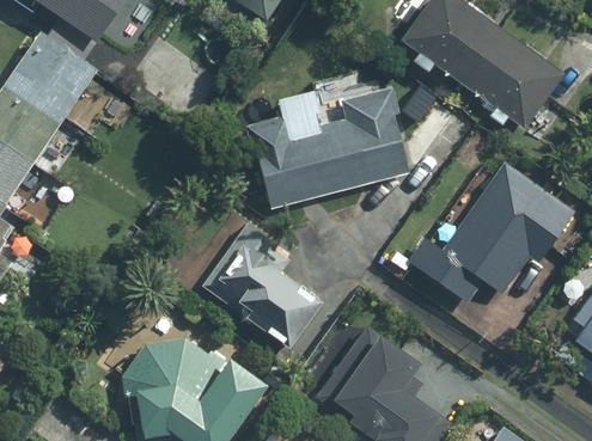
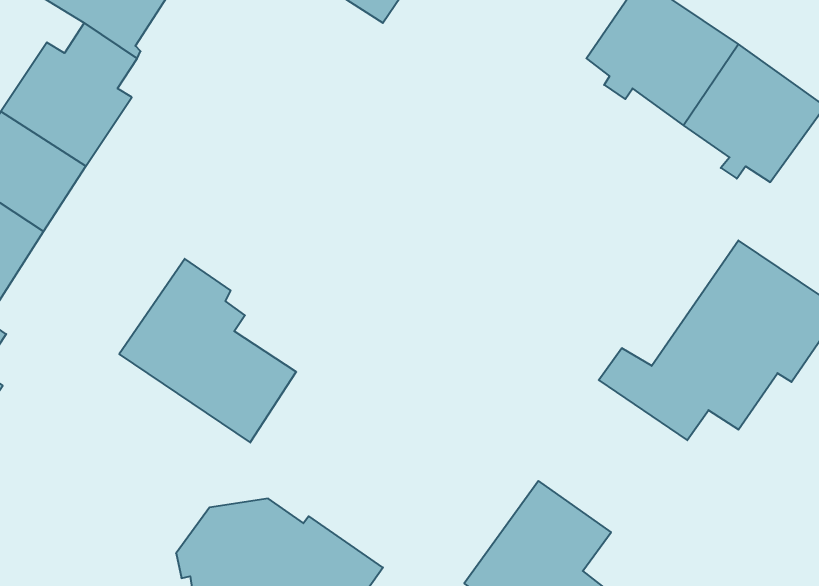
building: [251,88,410,206] -> none
building: [202,222,322,347] -> [119,259,296,443]

